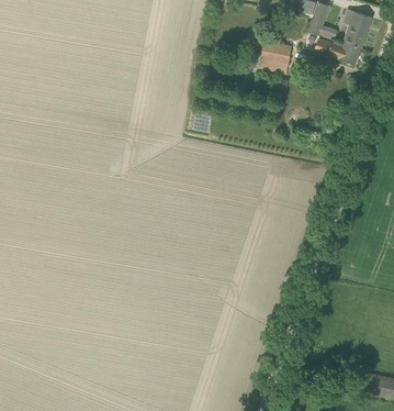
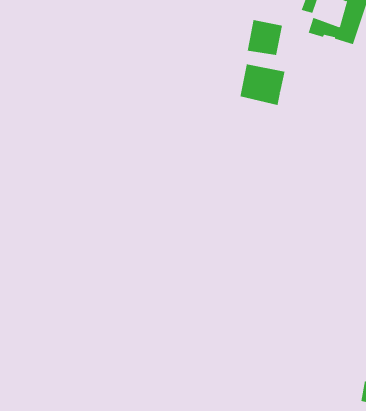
building: none -> [240,63,285,106]

